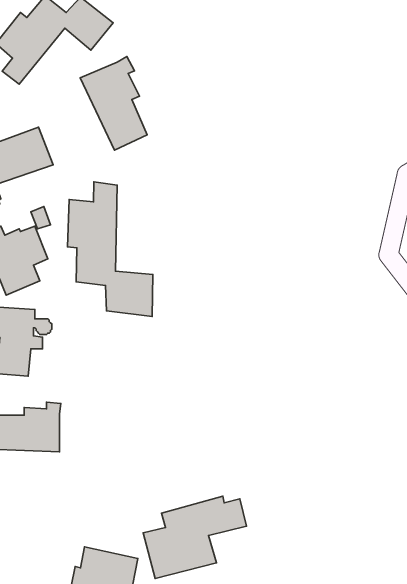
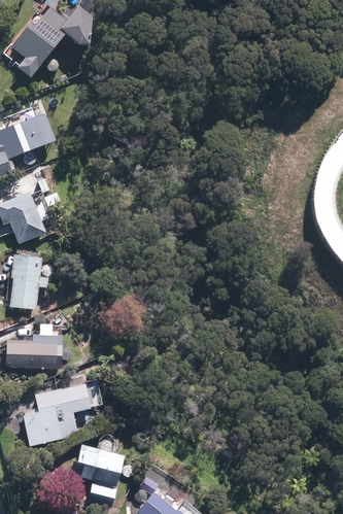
building: [80,56,147,150] -> none
building: [68,182,153,316] -> none
building: [143,496,246,578] -> [20,381,101,446]

